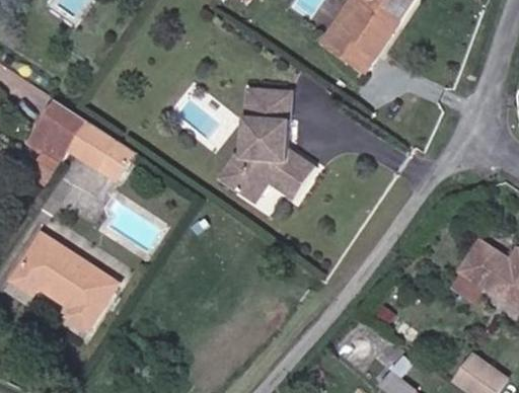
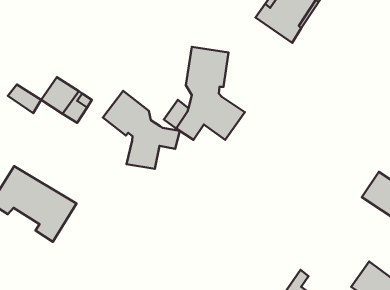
building: [31,99,81,148] -> none
building: none -> [103,91,180,169]

